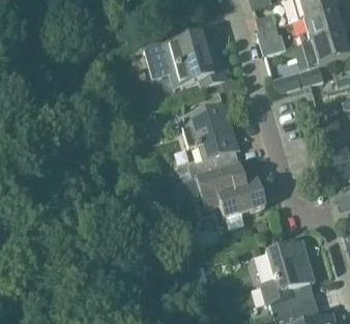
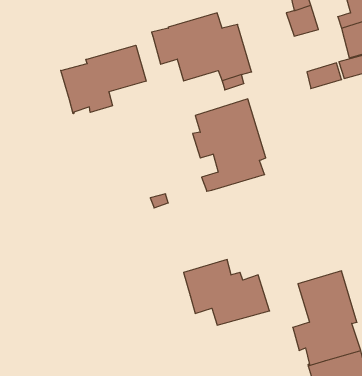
building: none -> [61,45,146,114]
building: [196,163,265,215] -> [184,260,270,325]

